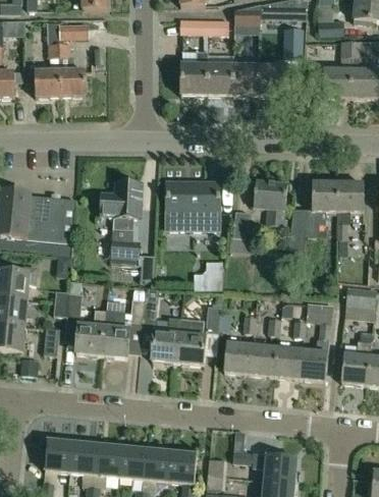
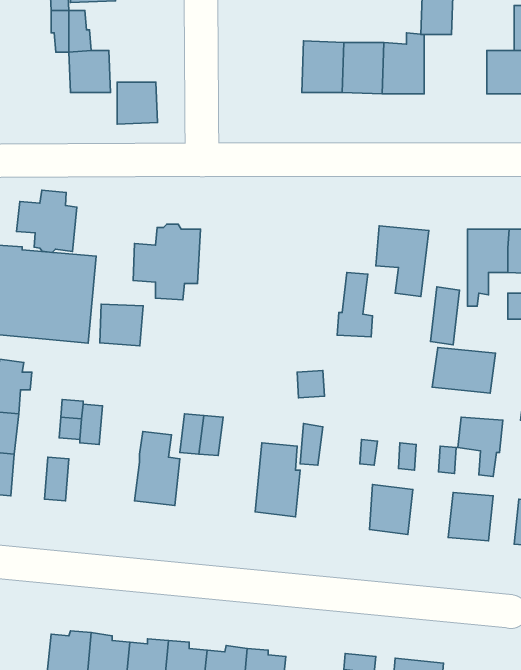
building: [180,51,208,96] -> none
building: [35,70,60,97] -> [117,82,157,124]
building: none -> [16,190,77,253]
building: [166,180,219,230] -> none
building: [112,238,140,265] -> [100,304,143,346]
building: none -> [432,347,496,393]
building: [75,310,106,354] -> none
building: [151,317,181,362] -> none
building: [224,342,252,373] -> none
building: [274,347,303,378] -> none

